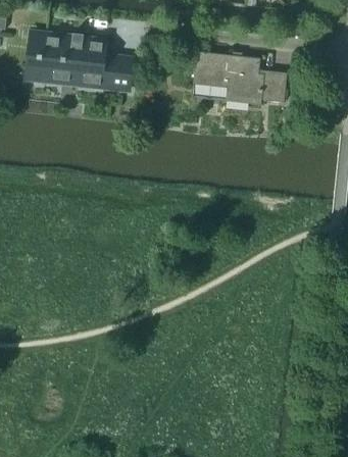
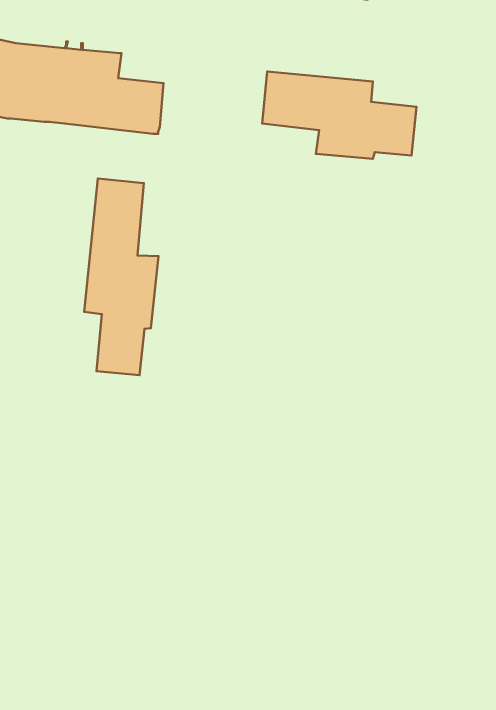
building: none -> [84,179,159,375]

